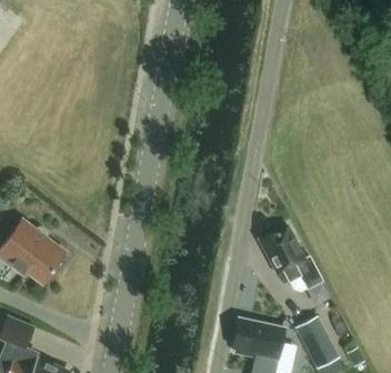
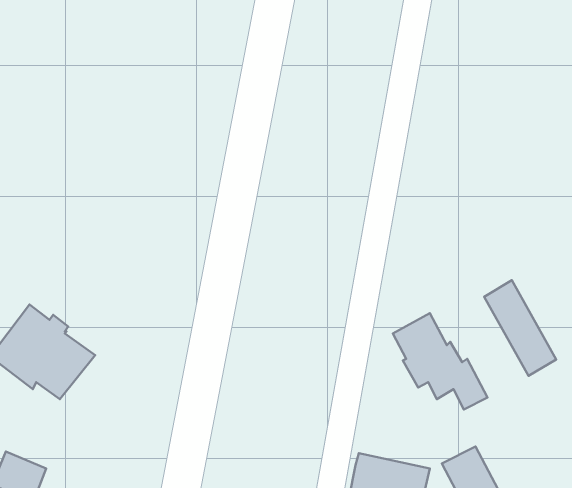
building: none -> [484,280,556,376]

